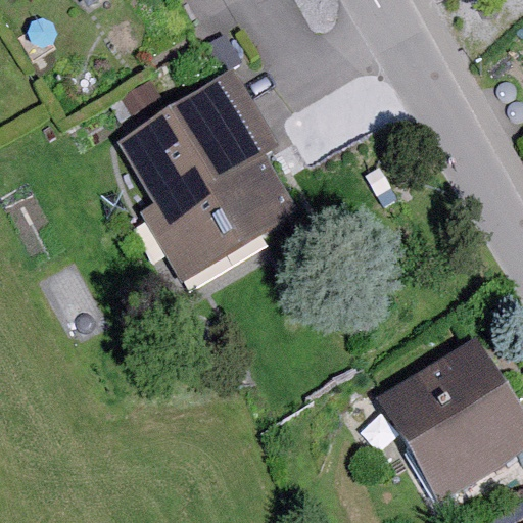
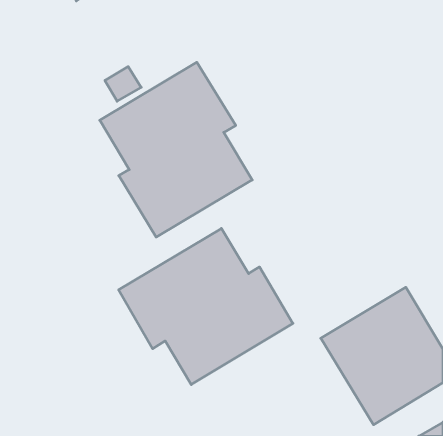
building: none -> [119,228,293,385]

